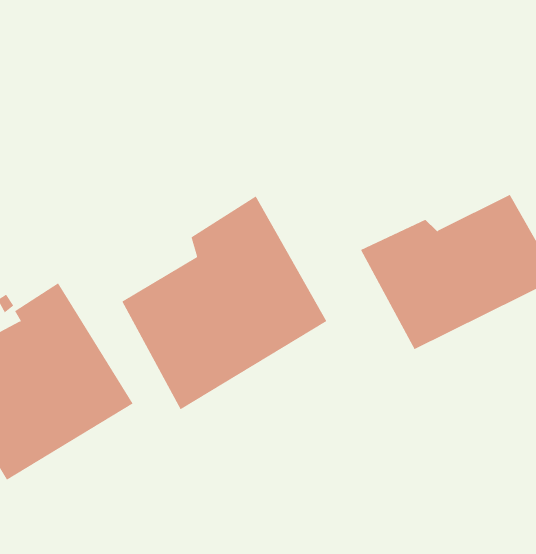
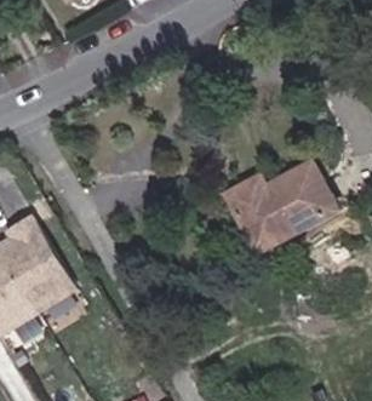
building: [122,196,327,410] -> none

